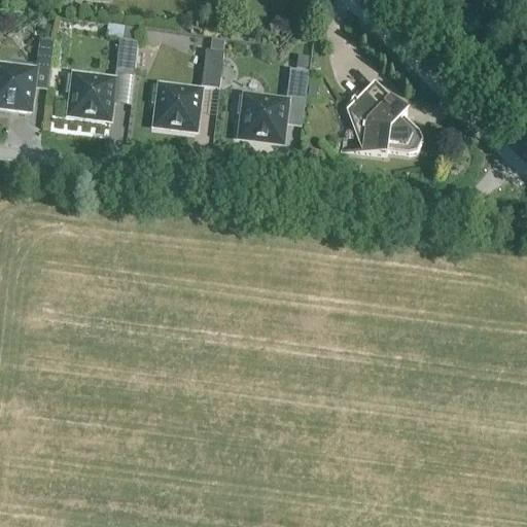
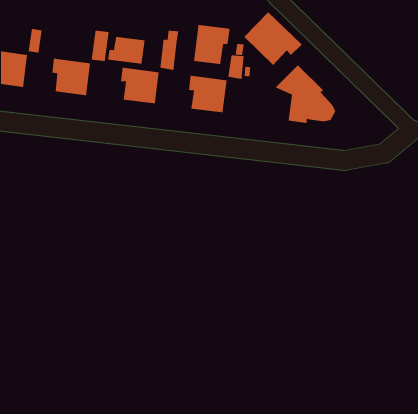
building: none -> [243,11,302,66]
building: none -> [193,24,230,65]
building: none -> [107,36,145,64]

